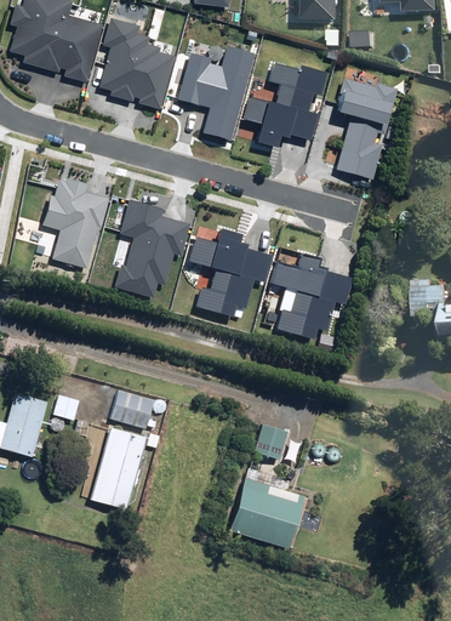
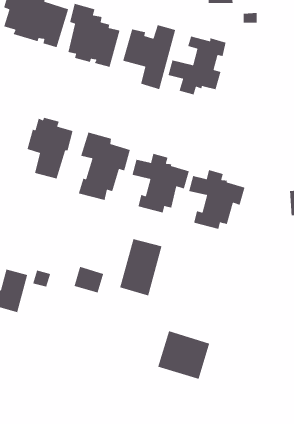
building: [335,78,396,180] -> none
building: [251,426,285,462] -> none
building: [87,428,149,511] -> [119,238,163,297]

